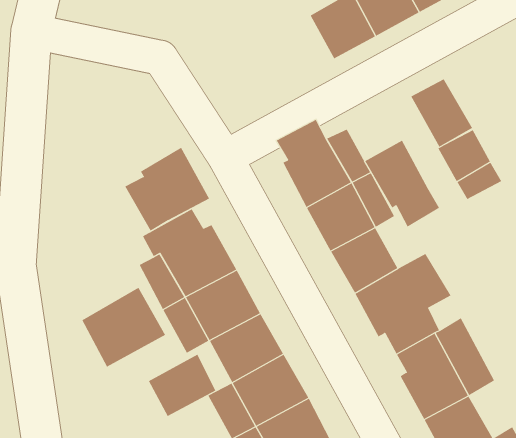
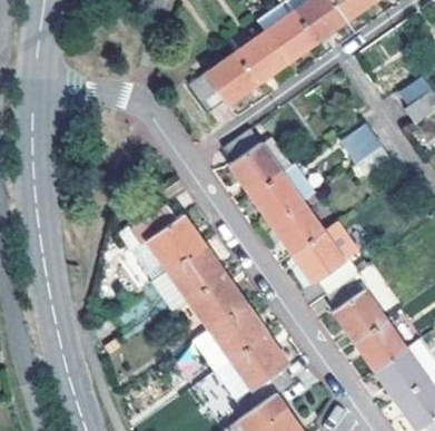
building: none -> [190,53,257,112]
building: [411,78,473,147] -> none
building: [365,140,440,227] -> none
building: [124,147,210,232] -> none
building: [81,287,166,368] -> none
building: [148,354,216,417] -> none

